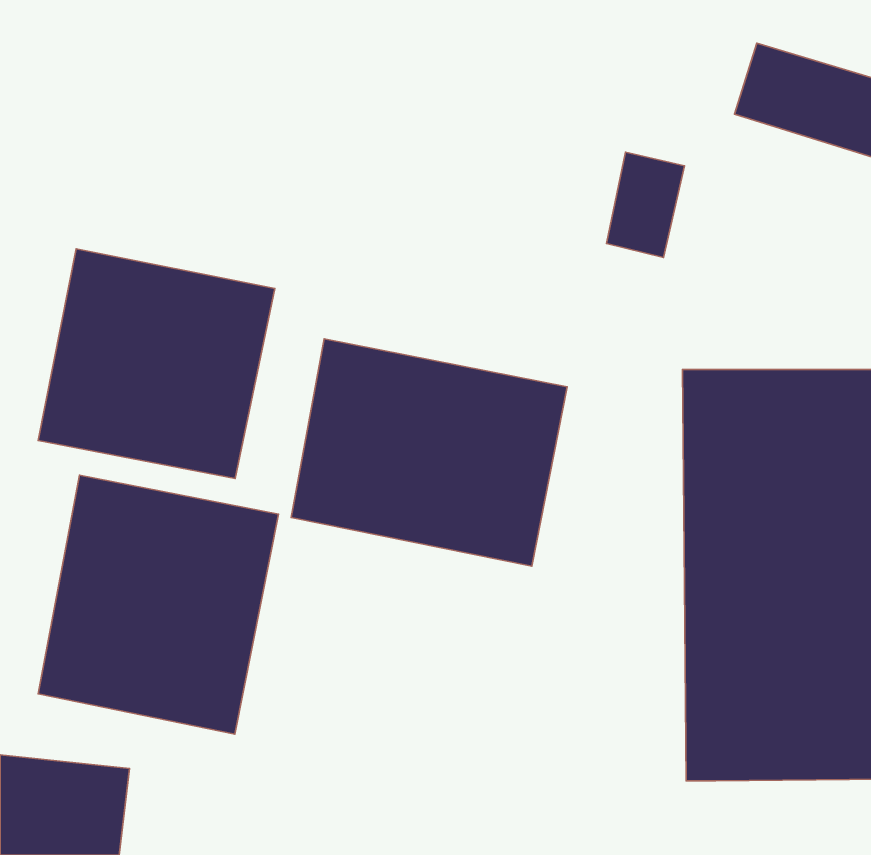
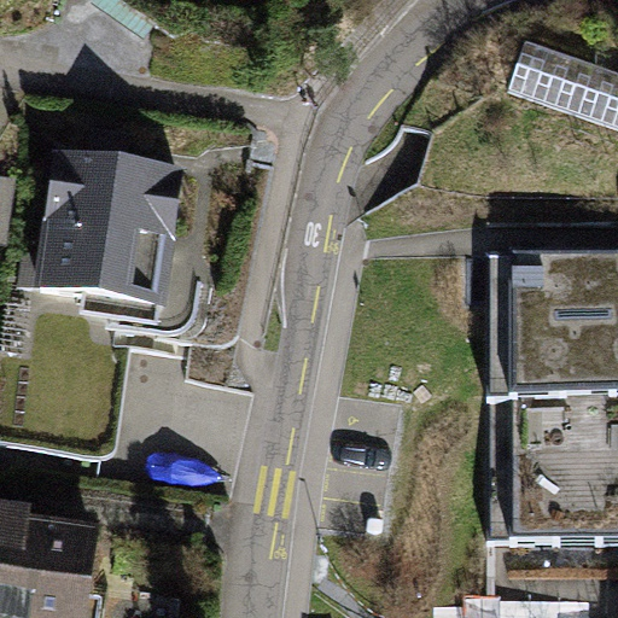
building: [291,339,567,566] -> none
building: [38,475,279,734] -> none

